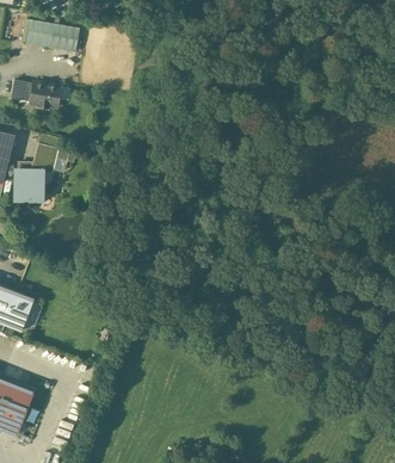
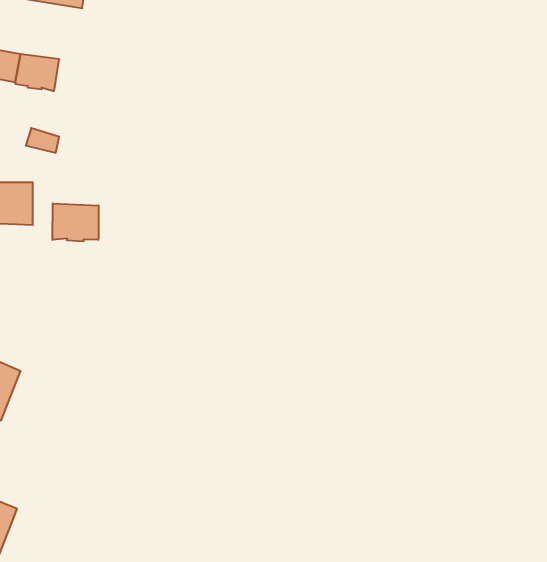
building: none -> [52,203,99,241]

